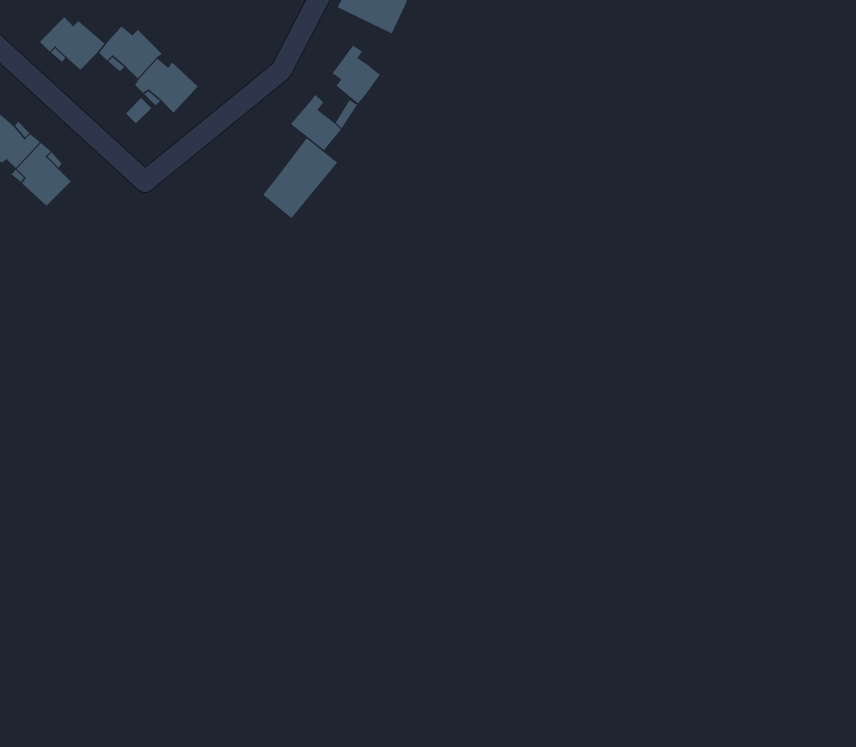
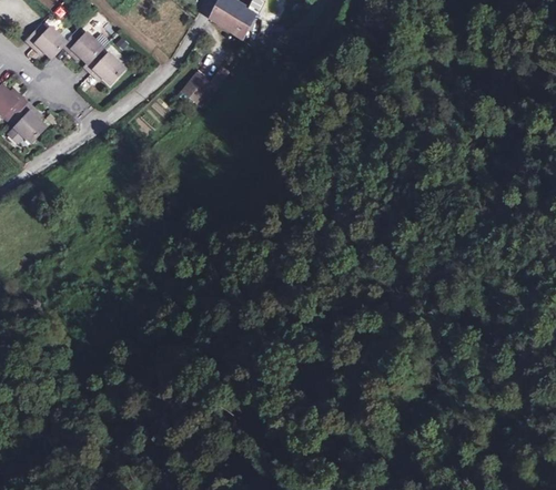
building: [331,44,381,104] -> none
building: [262,137,338,219] -> none

